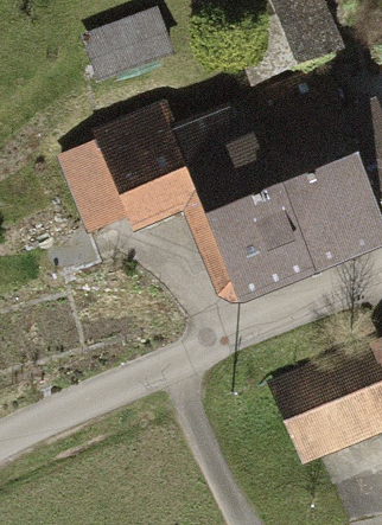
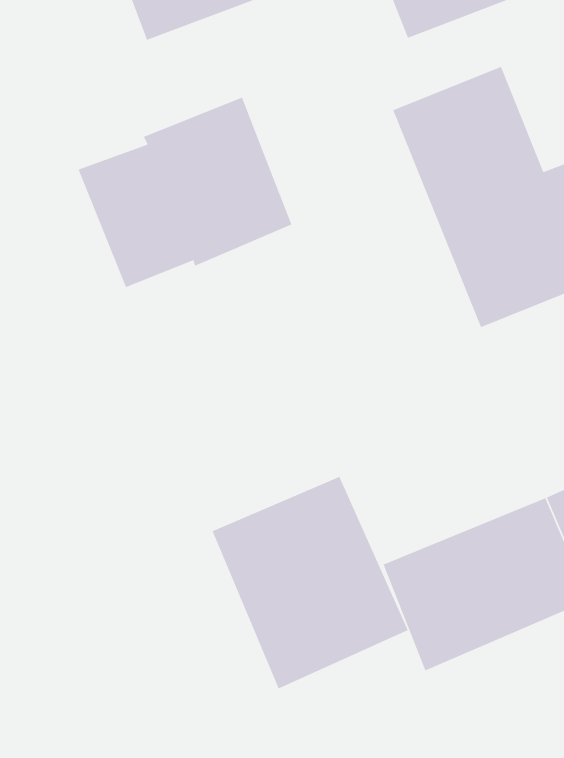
building: [184,121,317,286] -> none
building: none -> [211,476,409,690]

